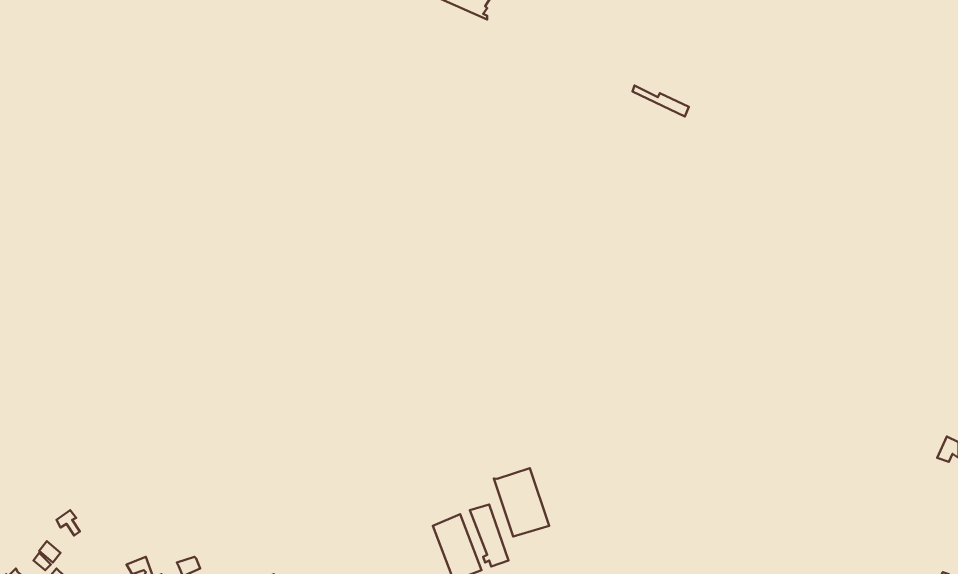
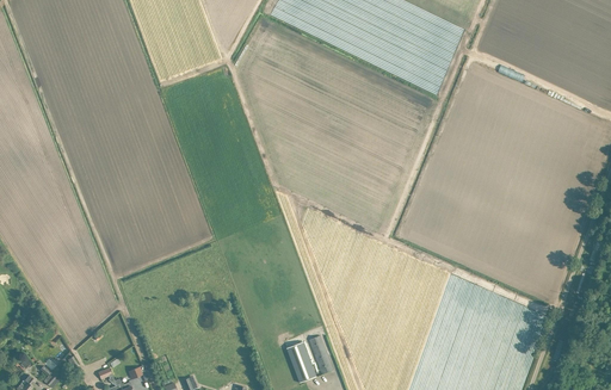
building: [494,468,549,537] -> none

